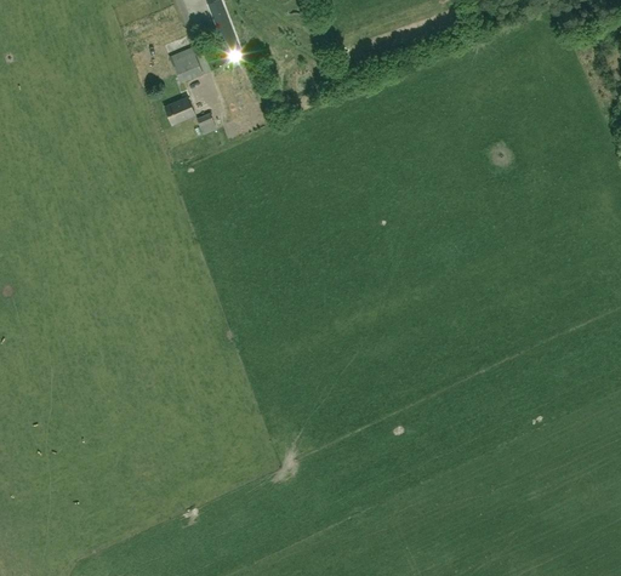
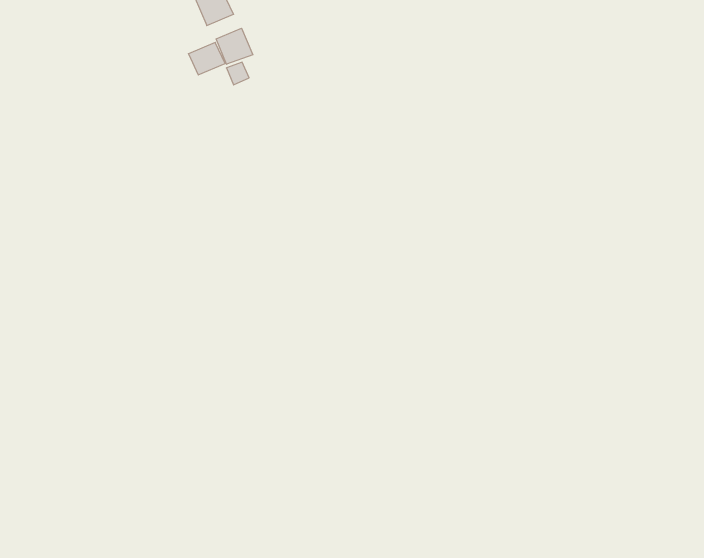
building: none -> [216,28,253,64]

